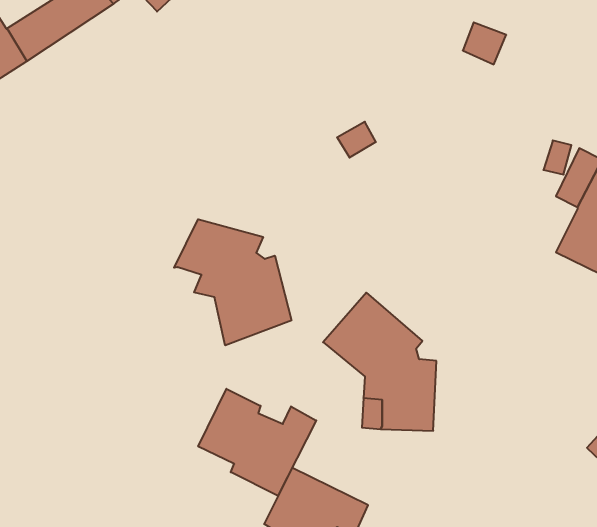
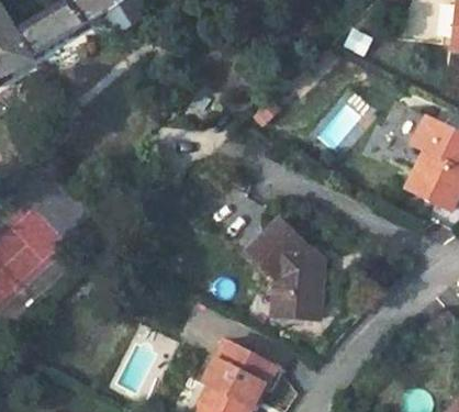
building: [174,219,291,345] -> none
building: [198,389,316,496] -> none

